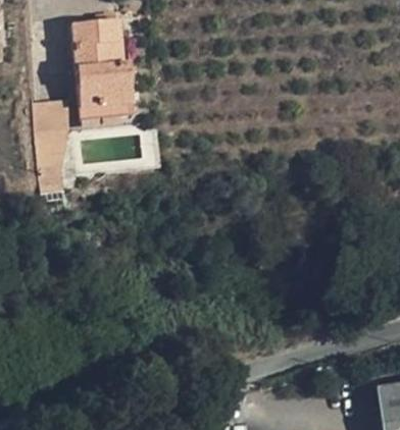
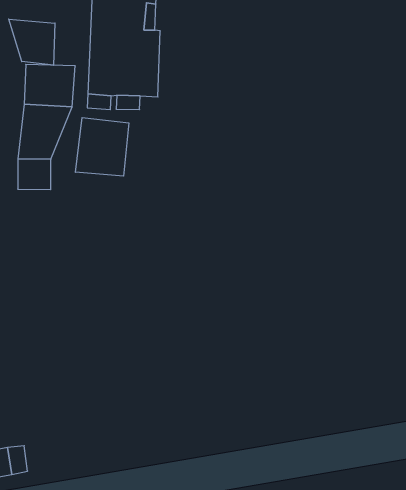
building: none -> [9,19,55,65]
building: none -> [75,118,129,176]

